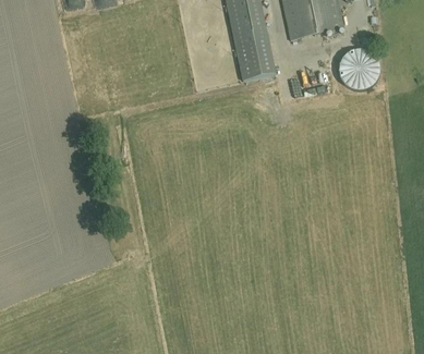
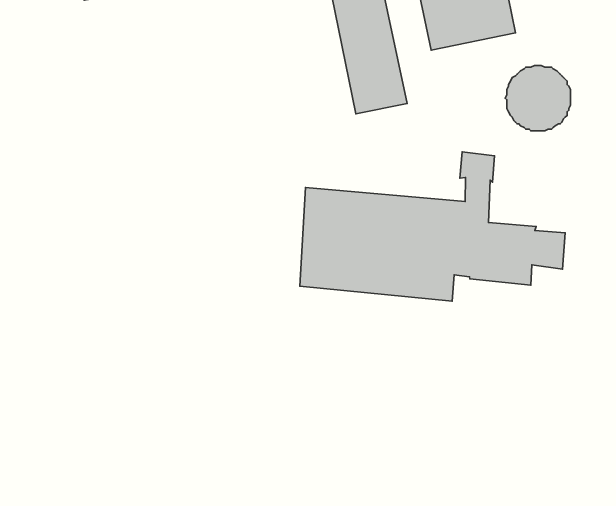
building: none -> [300,152,565,301]

